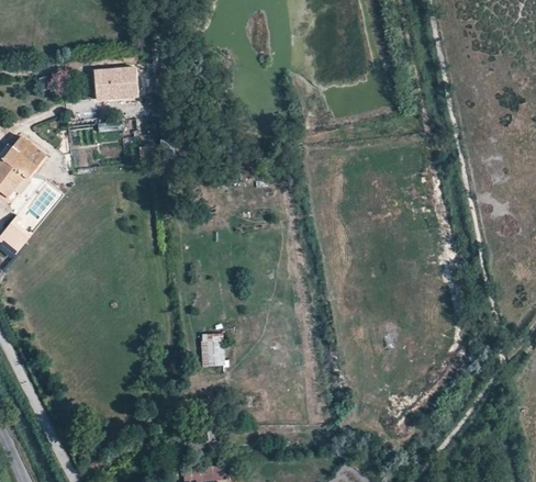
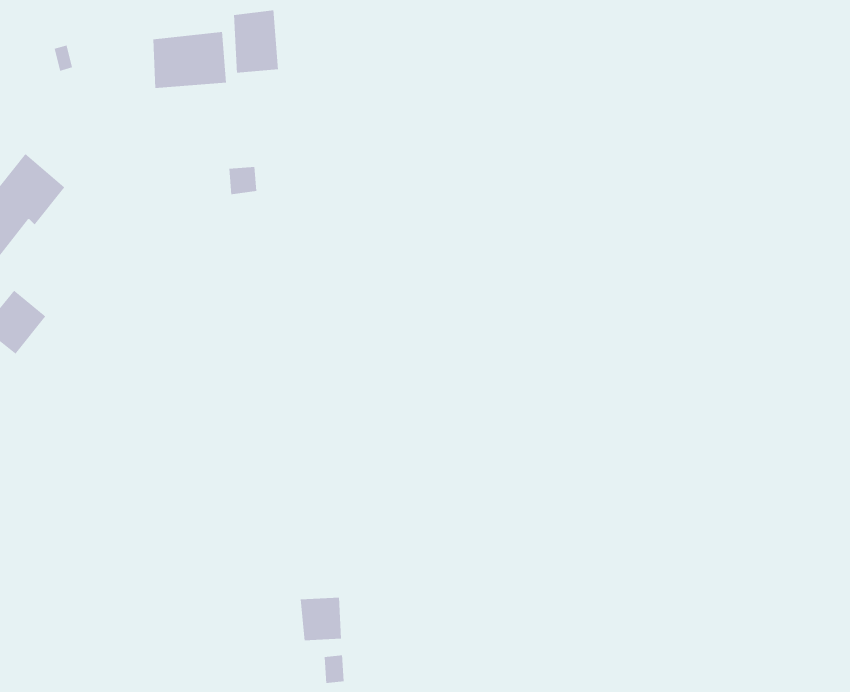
building: none -> [234,10,279,73]
building: [199,340,223,366] -> [300,597,342,641]

